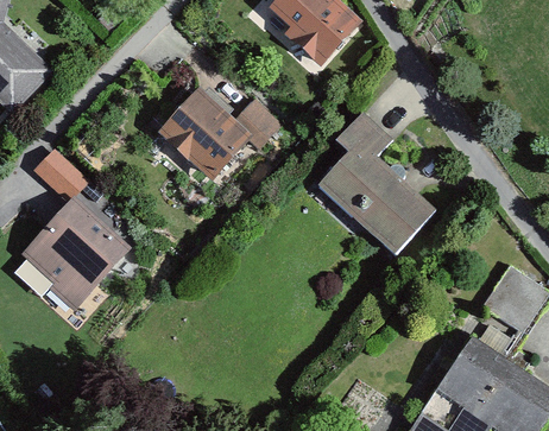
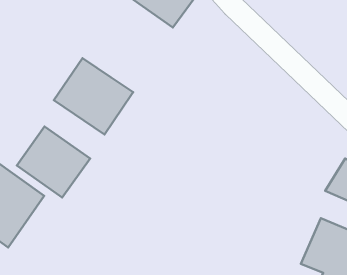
building: [233,95,282,150] -> none
building: [320,110,419,247] -> none
building: none -> [17,126,90,197]

